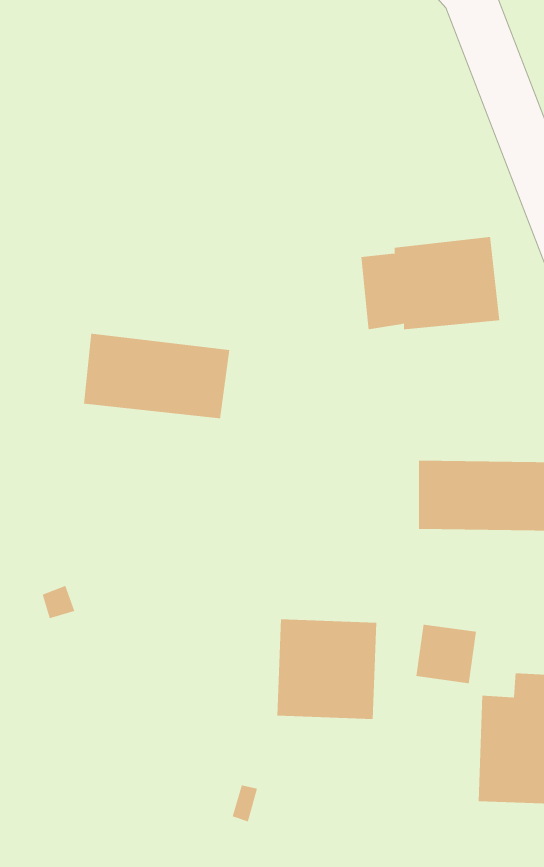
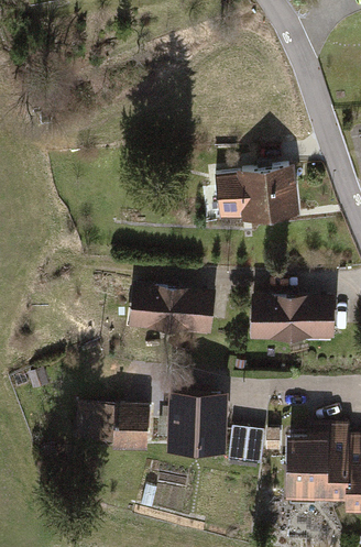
building: [83,333,230,419] -> [129,283,216,333]
building: [415,624,477,684] -> [228,429,264,464]
building: none -> [76,405,147,450]

